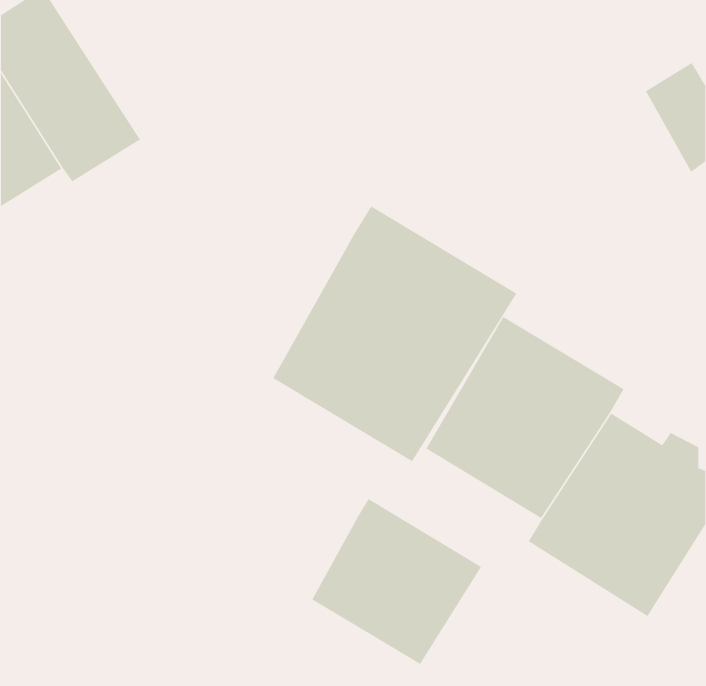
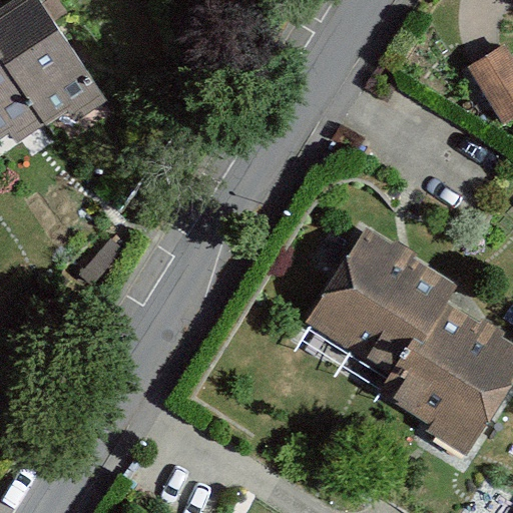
building: [272,205,517,462] -> none
building: [312,498,482,665] -> none

